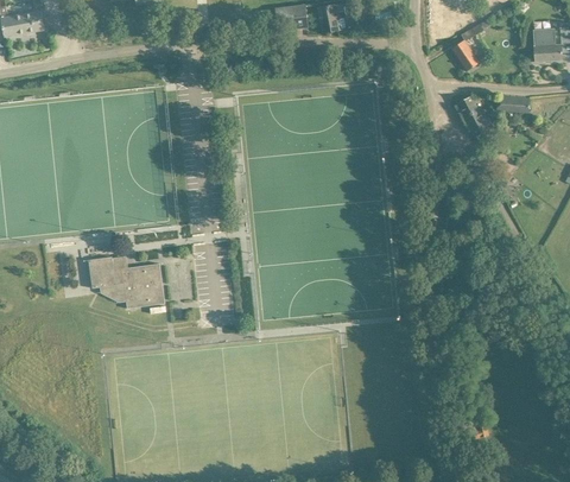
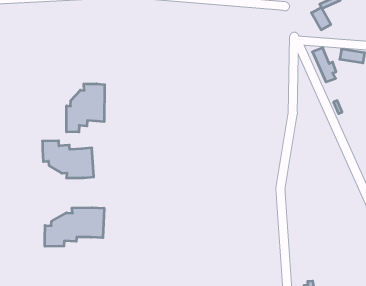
building: none -> [66,84,105,132]
building: none -> [45,208,104,246]

